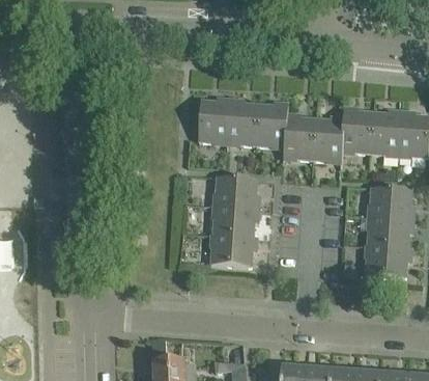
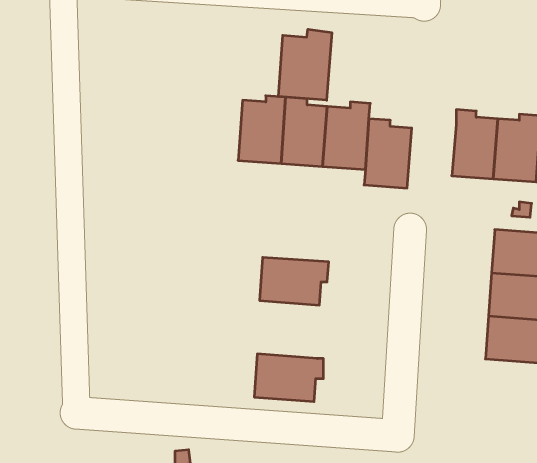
building: none -> [279,29,332,100]
building: [312,114,345,159] -> none
building: [214,175,260,208] -> none
building: [210,234,257,266] -> [254,354,323,402]

